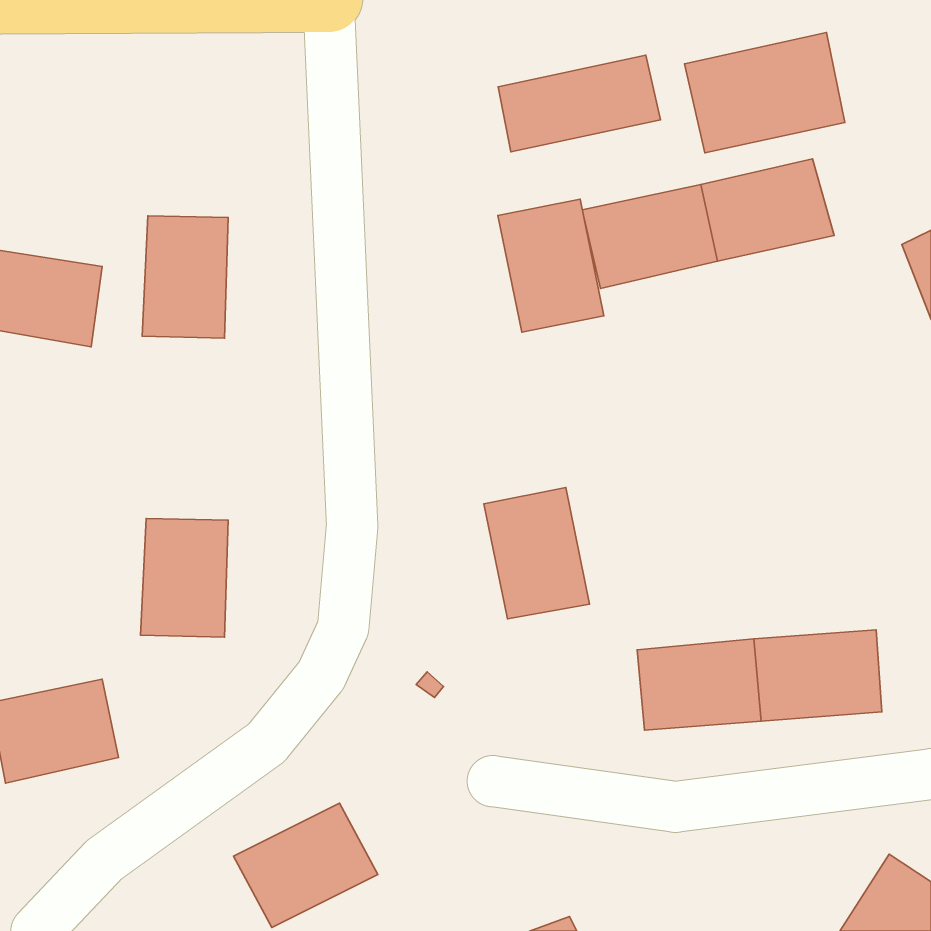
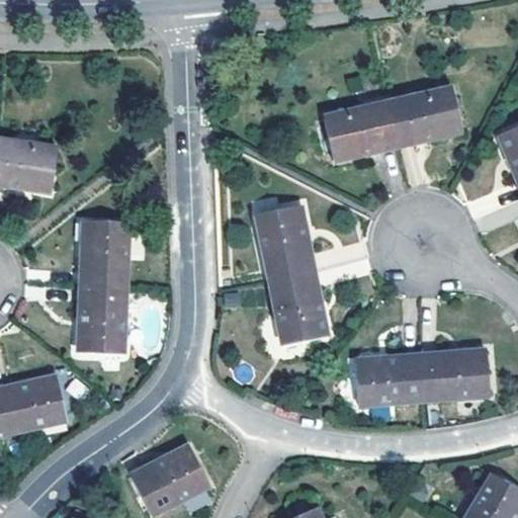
building: [685,33,845,153] -> none
building: [498,55,661,152] -> none
building: [498,199,604,332] -> [255,205,314,279]
building: [142,216,228,338] -> [81,221,128,288]

